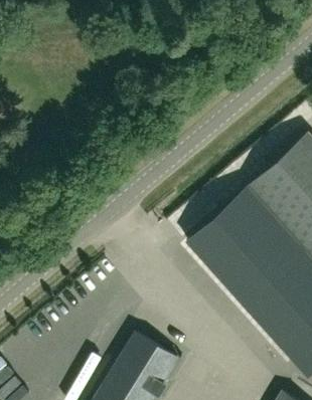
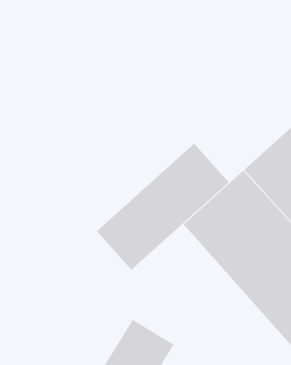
building: none -> [96,143,229,271]

